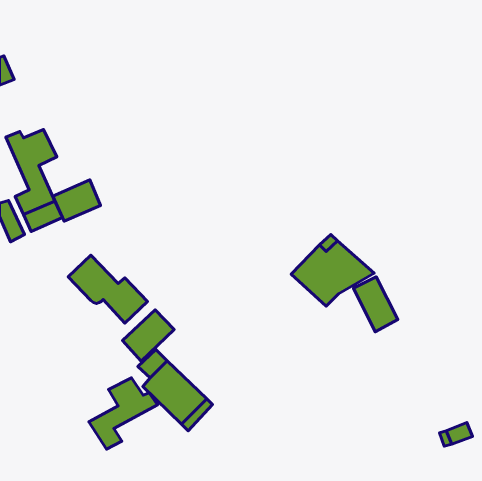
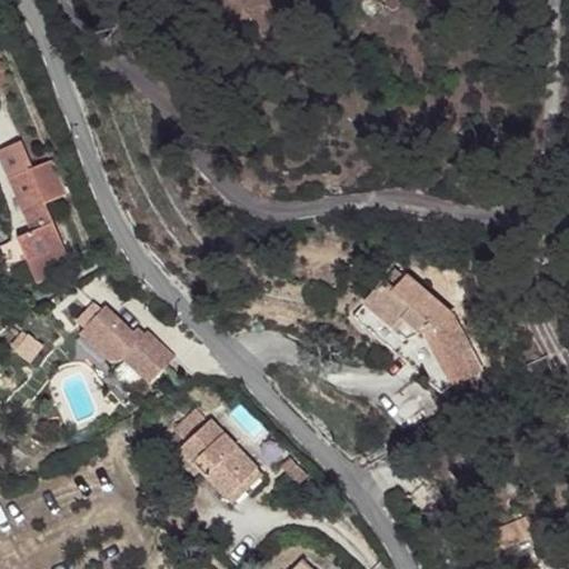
building: [53,180,100,221] -> none
building: [123,310,174,361] -> none
building: [89,378,157,449] -> none

